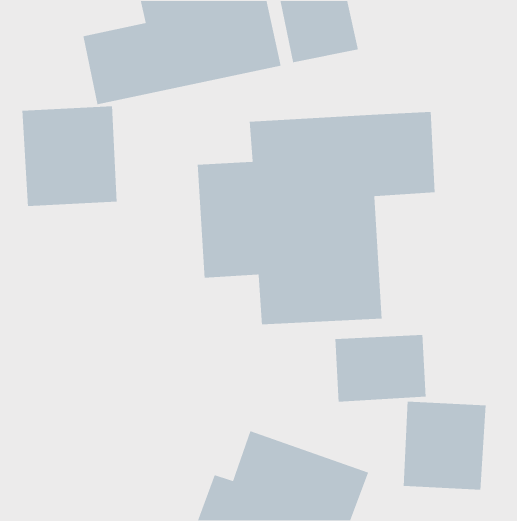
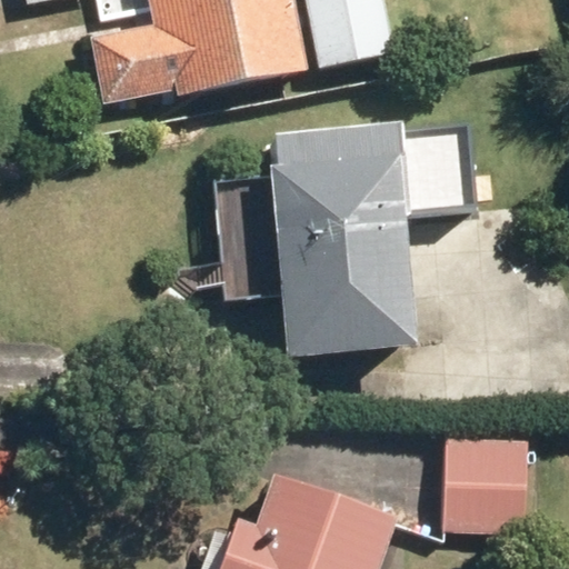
building: [21,105,117,207] -> none
building: [335,334,427,402] -> none

